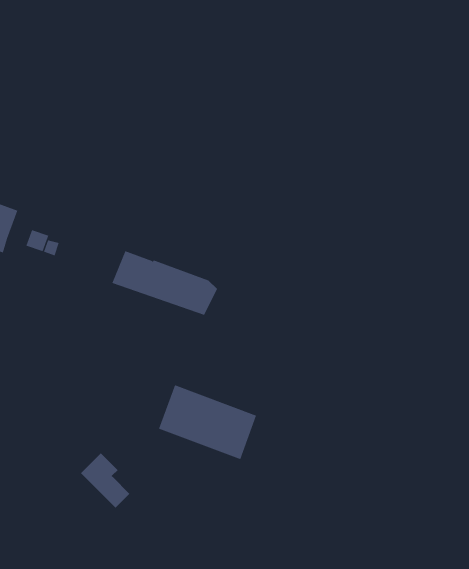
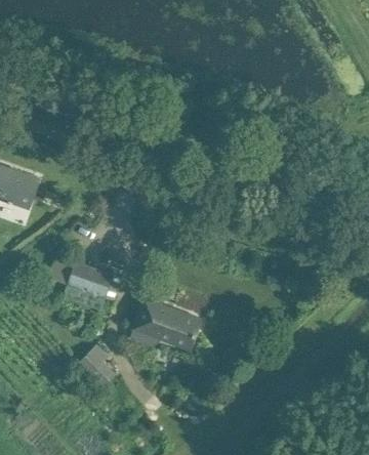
building: [112,251,218,315] -> [47,256,121,301]

